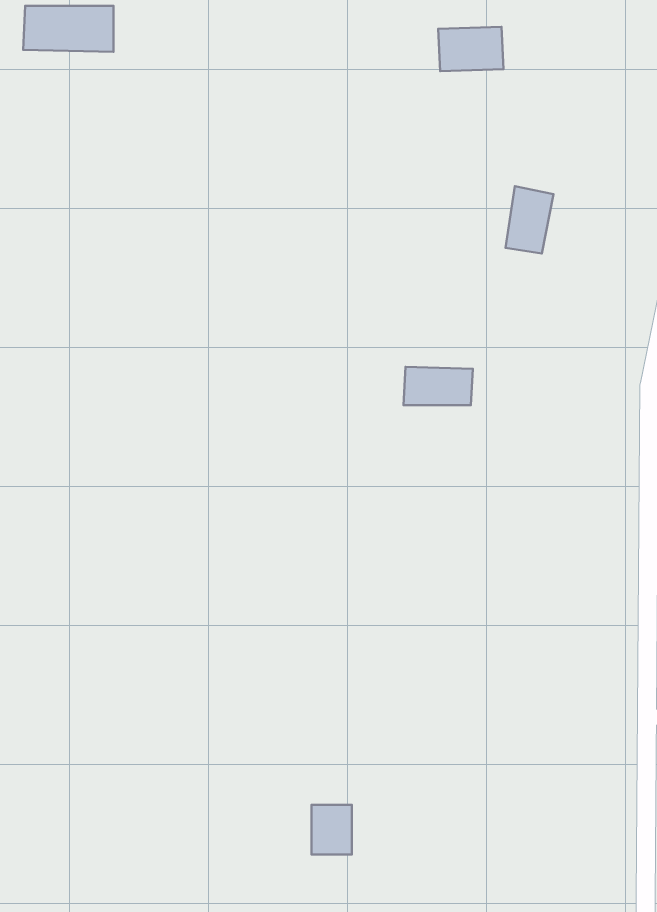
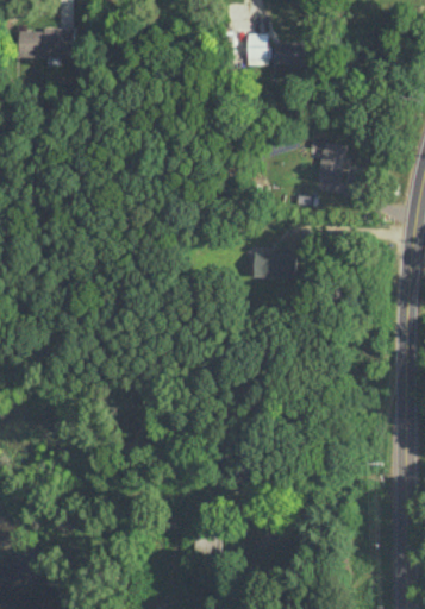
building: none -> [248,34,269,65]

